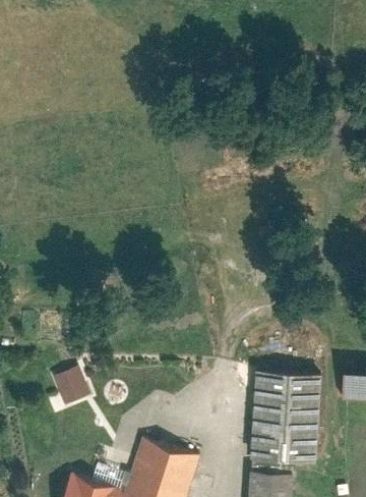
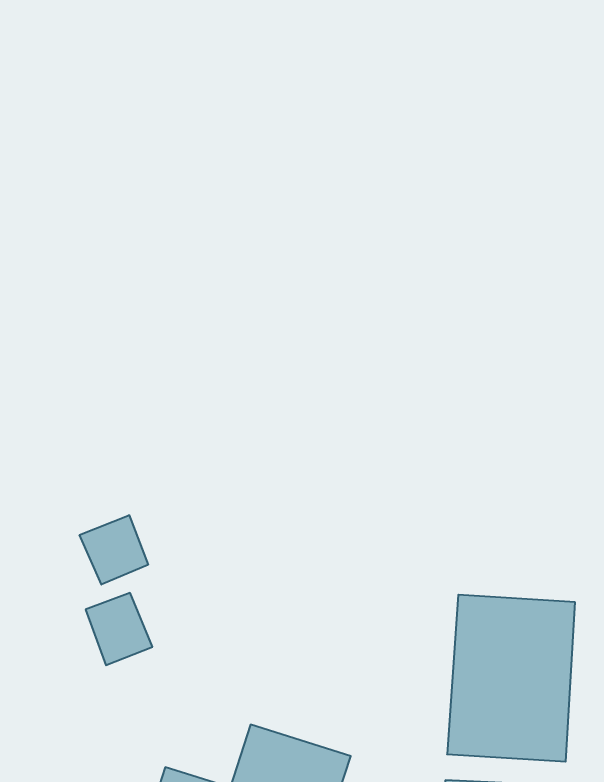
building: none -> [80,515,148,585]

